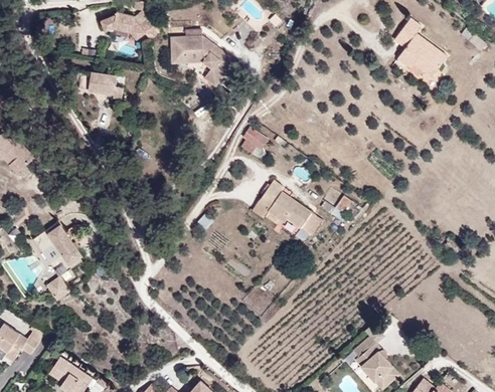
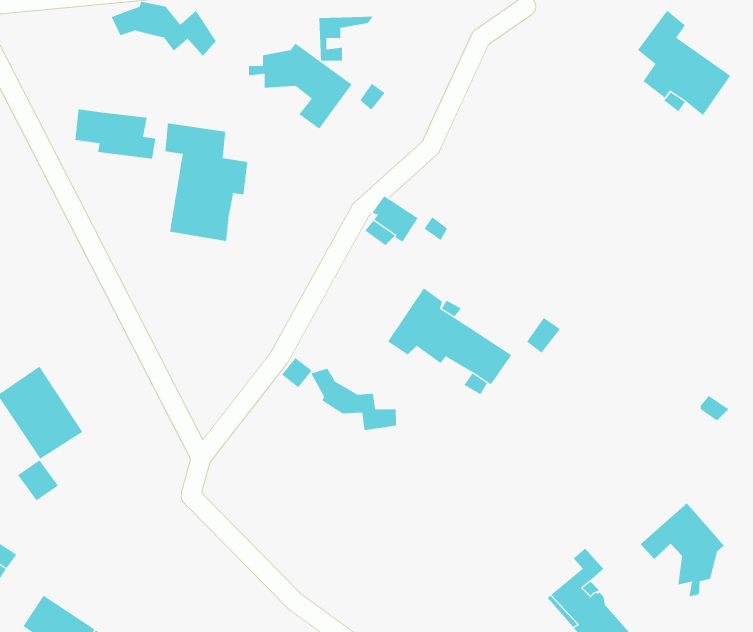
building: [170,35,202,61] -> [319,16,374,61]
building: none -> [165,123,248,242]
building: none -> [311,368,397,431]
building: none -> [640,503,725,597]

